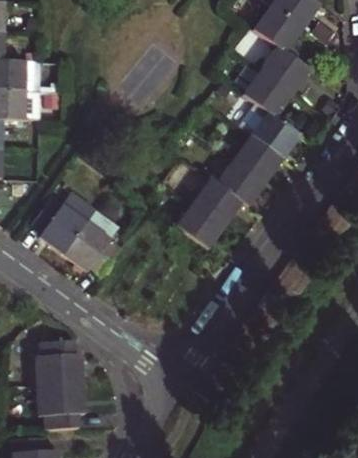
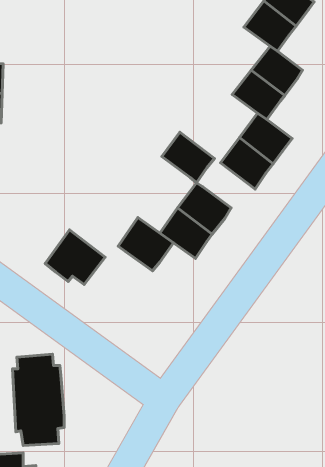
building: [217,157,267,205] -> [162,132,214,183]
building: [35,195,90,253] -> none
building: none -> [118,218,173,271]

